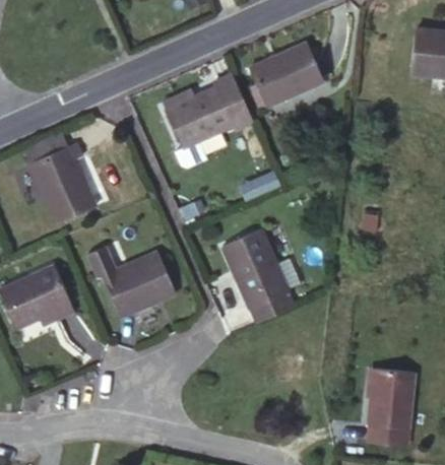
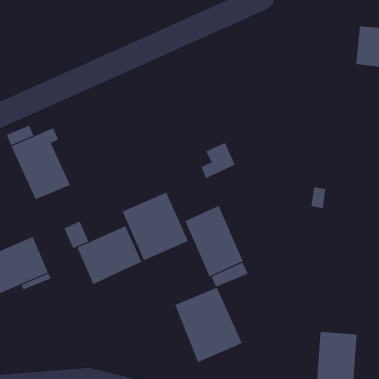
building: [248,43,324,108] -> none
building: [166,74,253,169] -> none
building: none -> [122,192,189,261]
building: none -> [175,287,242,363]

